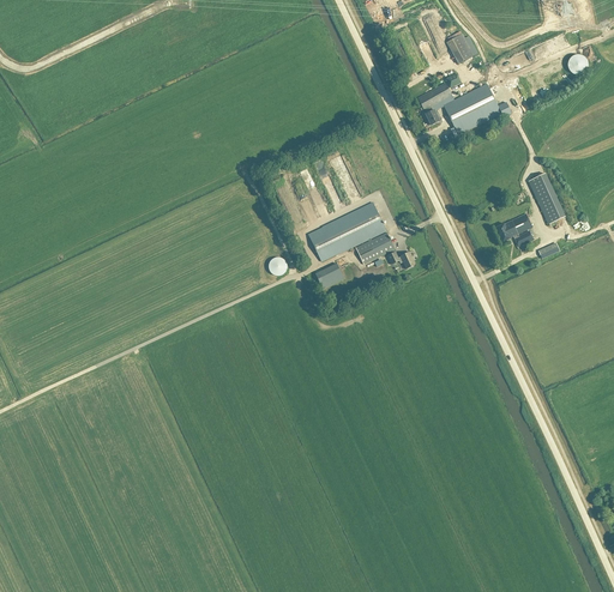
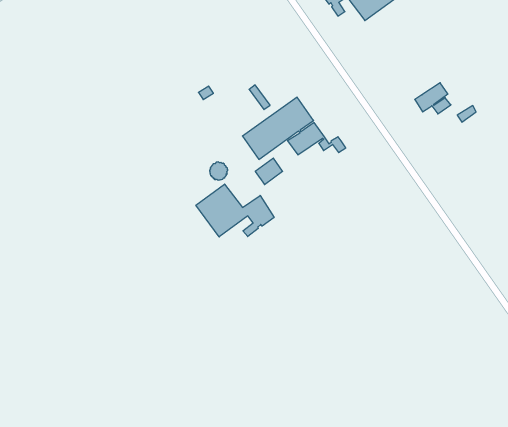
building: [528,173,565,223] -> none
building: none -> [196,184,274,237]

